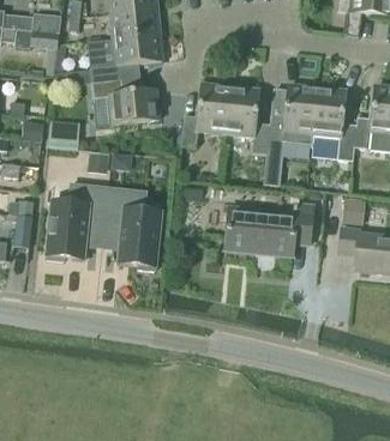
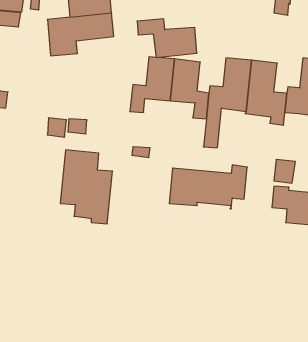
building: [91,80,158,123] -> [137,19,197,57]
building: [48,120,79,150] -> none
building: [46,183,108,261] -> none

